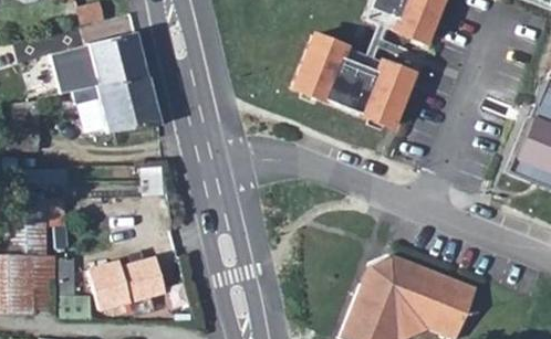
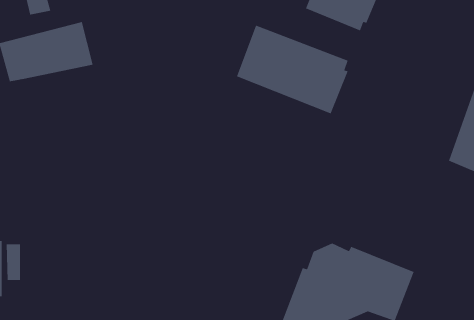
building: [74,76,162,134] -> none
building: [90,258,165,309] -> none

